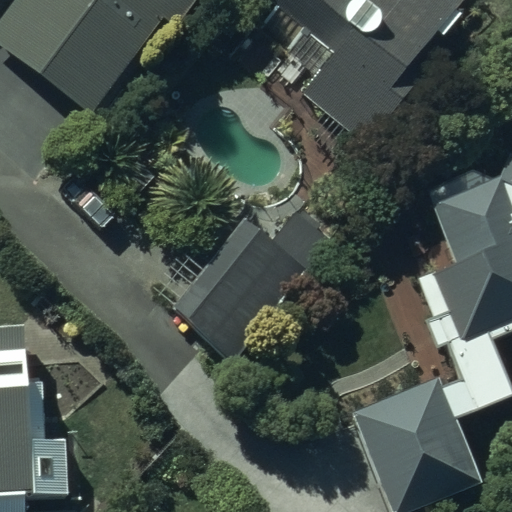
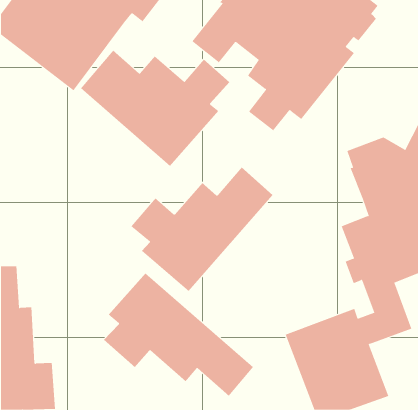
building: none -> [80,50,230,167]
building: none -> [103,272,254,397]

